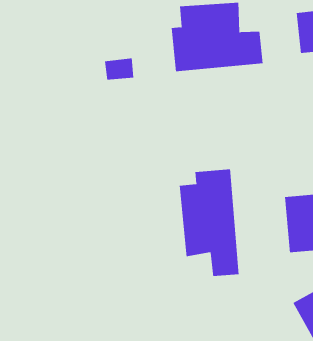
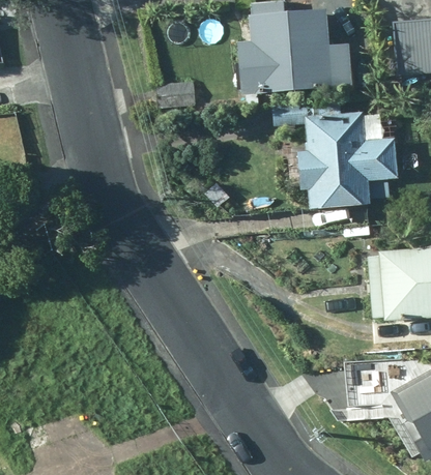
building: none -> [298,113,399,208]
building: [179,169,239,277] -> none

